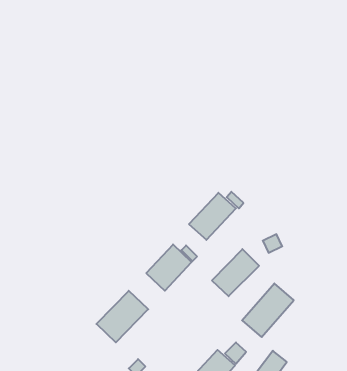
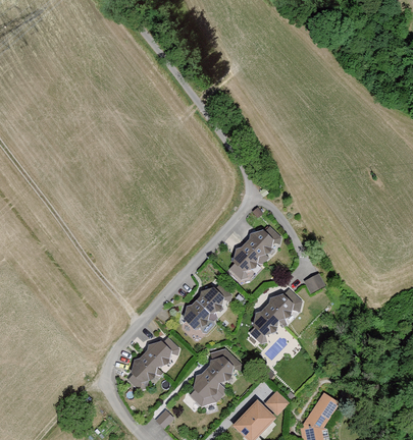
building: [242,283,294,337] -> [187,349,244,408]

